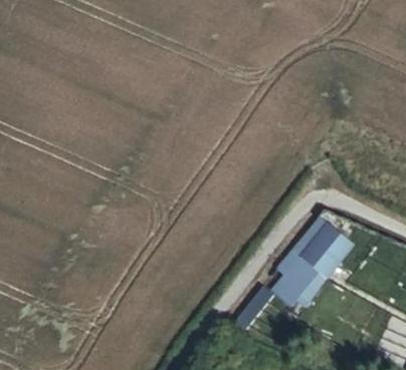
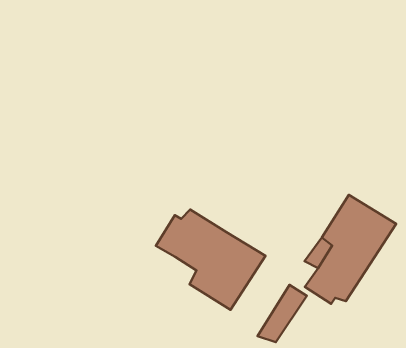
building: none -> [156,209,266,310]

